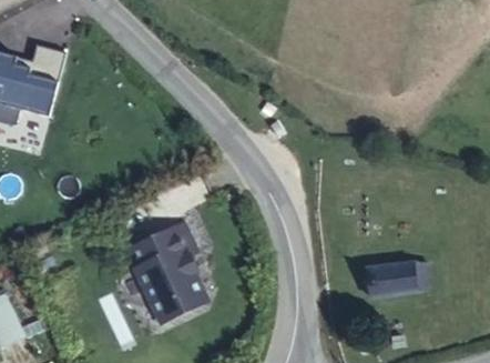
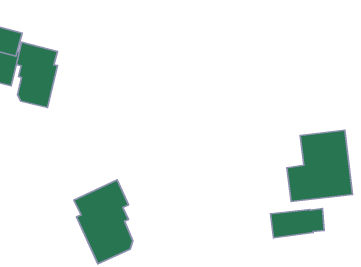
building: none -> [16,42,57,108]
building: none -> [287,130,352,201]

